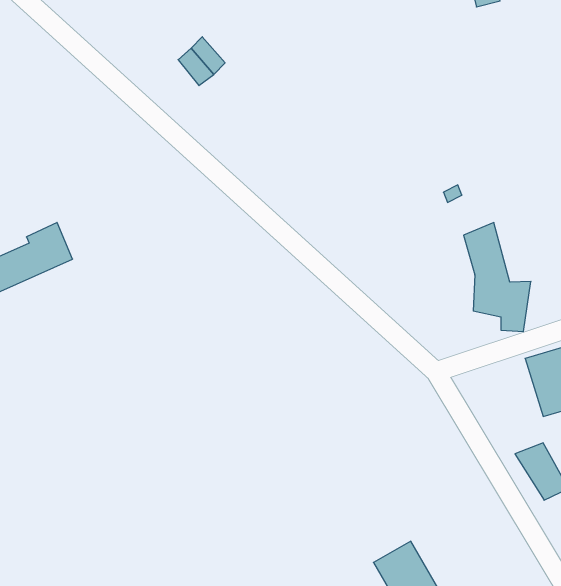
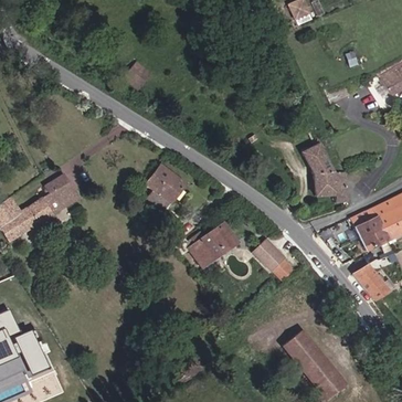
building: none -> [148,166,187,202]
building: none -> [189,222,236,266]
building: none -> [252,237,292,277]

